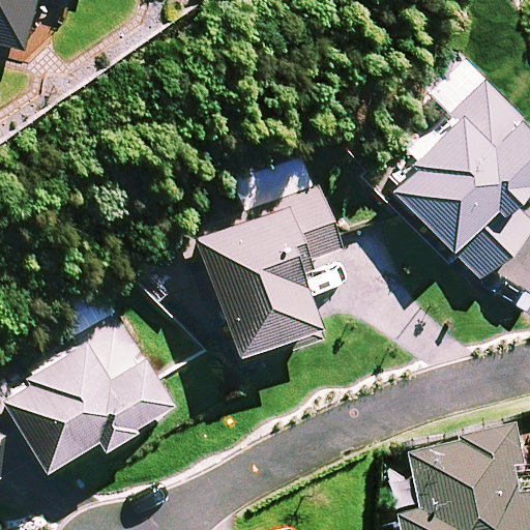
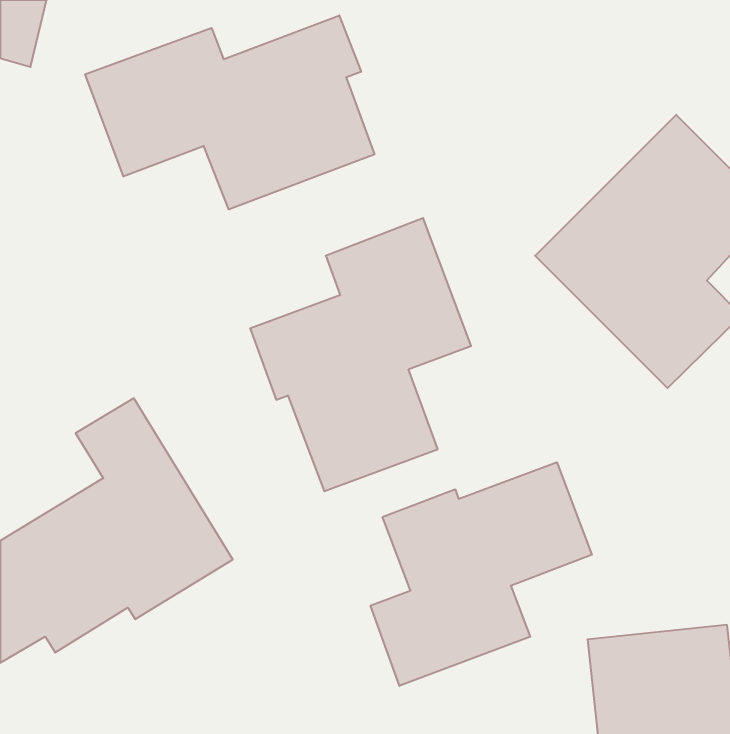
building: none -> [85,15,374,209]
building: none -> [371,462,592,686]

